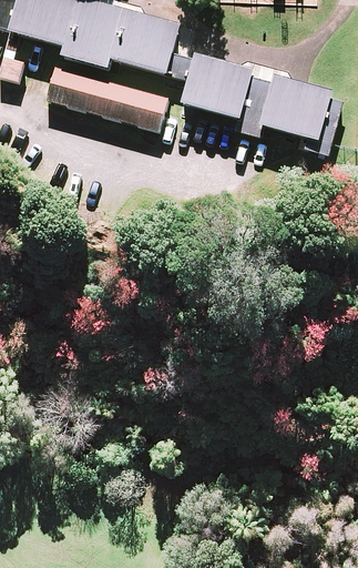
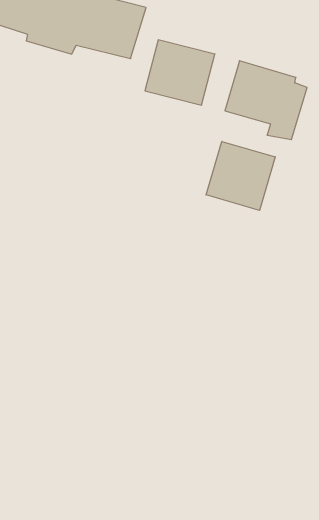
building: [44,64,165,130] -> none
building: none -> [206,141,275,210]

